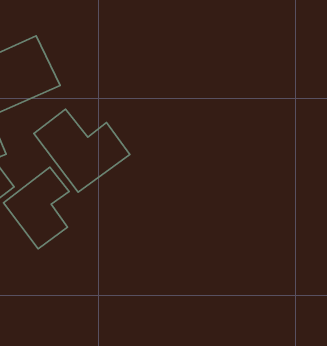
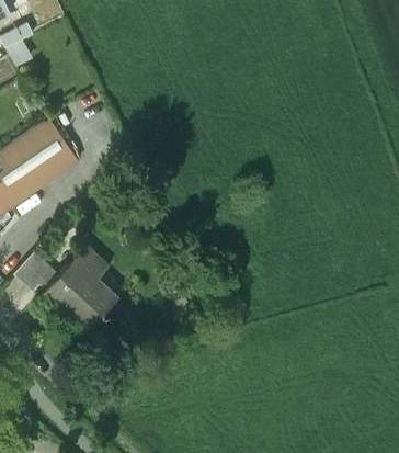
building: [34,109,130,192] -> none

